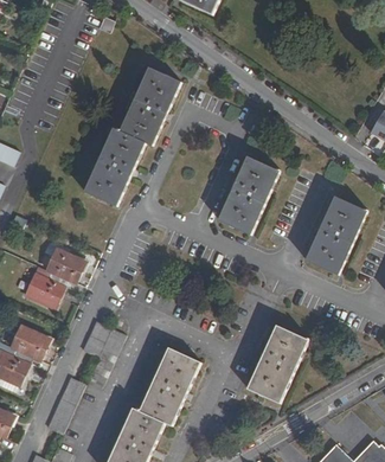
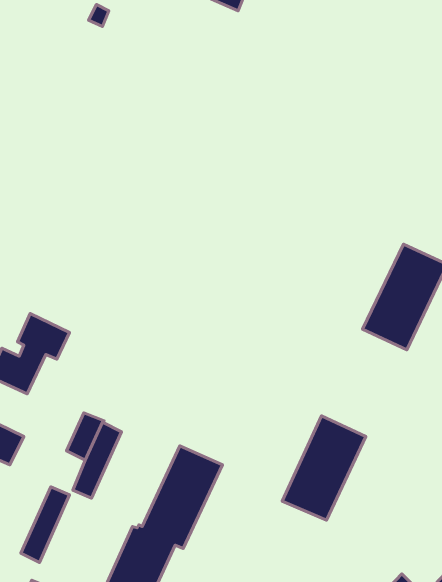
building: [86,65,182,205] -> none
building: [219,154,281,232] -> none

